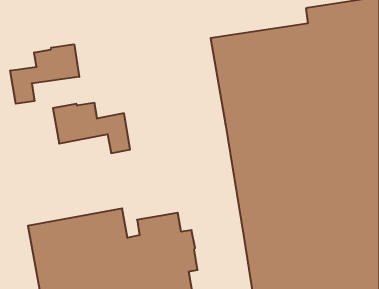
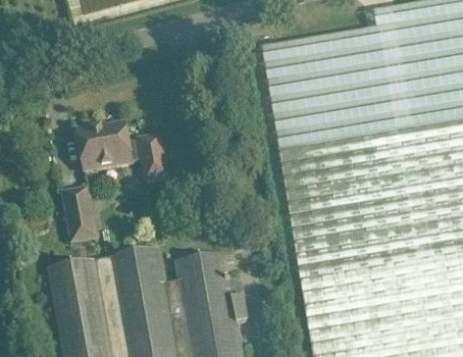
building: [10,44,79,104] -> none
building: none -> [63,188,98,243]

